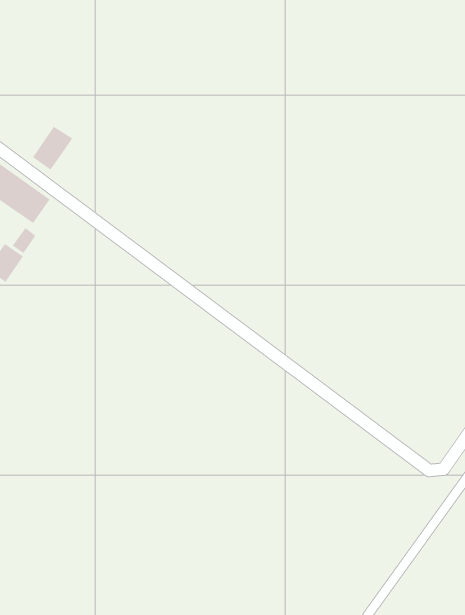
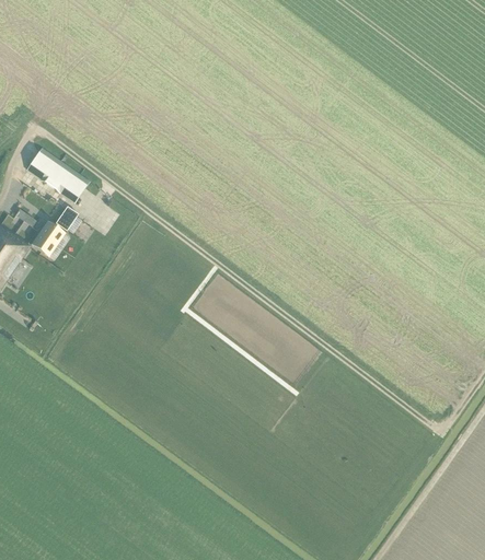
building: [32,126,73,170] -> none

